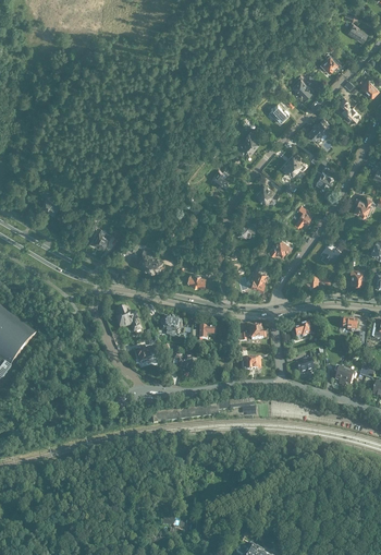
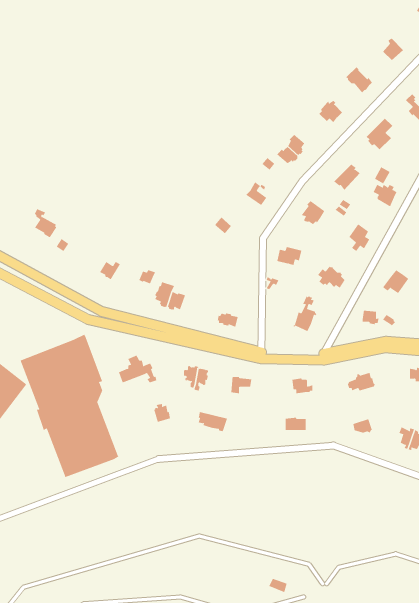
building: none -> [20,334,119,478]

